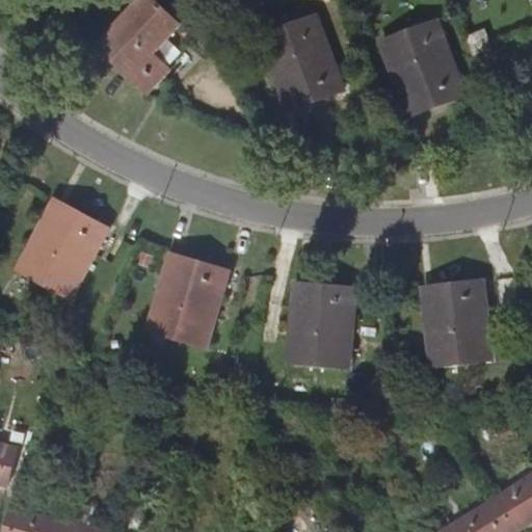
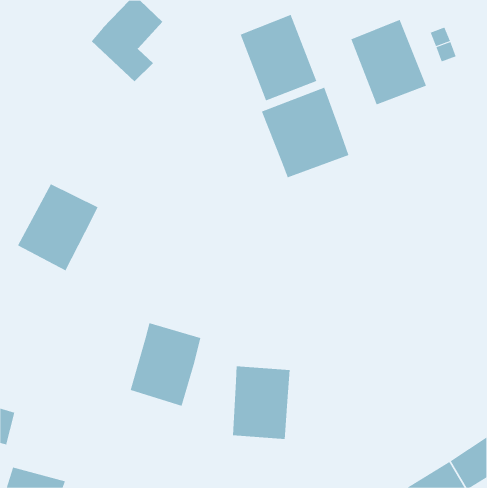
building: none -> [261,87,349,178]
building: [149,254,227,345] -> [130,322,201,406]
building: [421,280,490,365] -> none
building: [290,285,353,365] -> [232,366,290,439]

